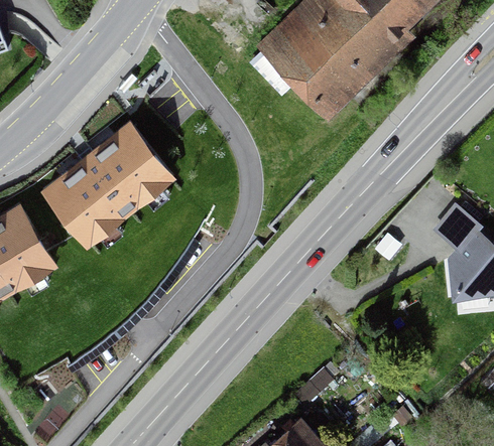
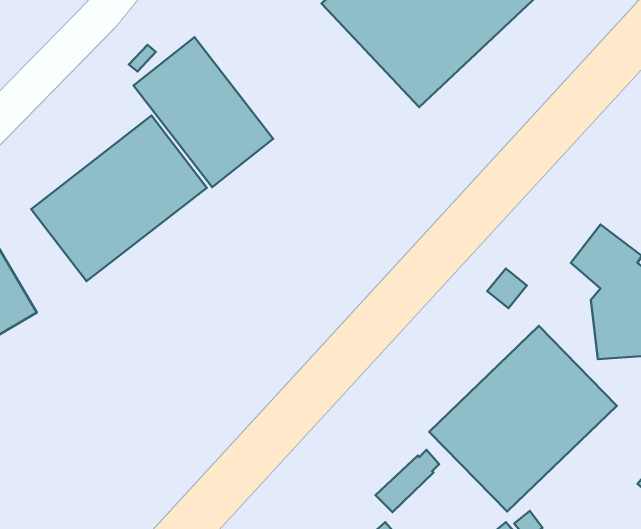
building: none -> [133,37,273,187]
building: none -> [429,326,617,512]

